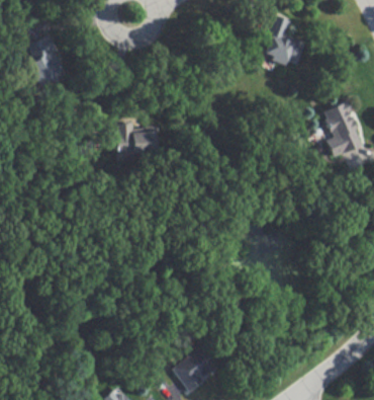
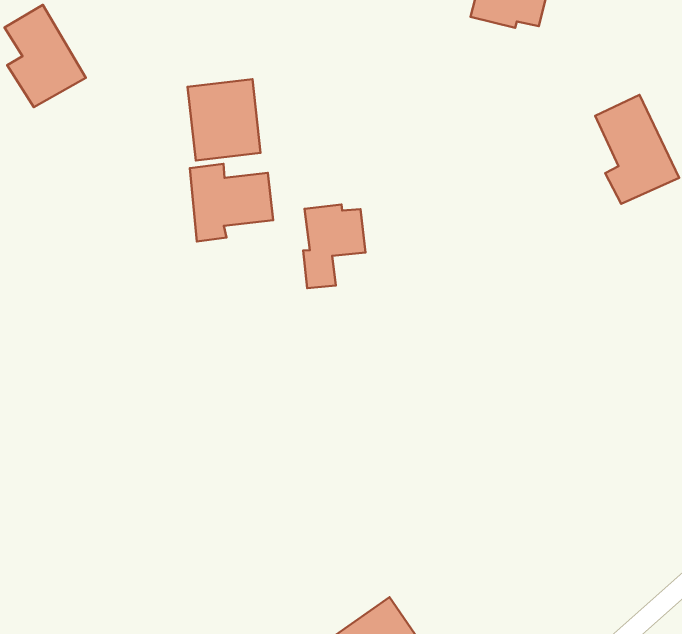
building: none -> [188,79,261,161]
building: none -> [303,204,365,288]

